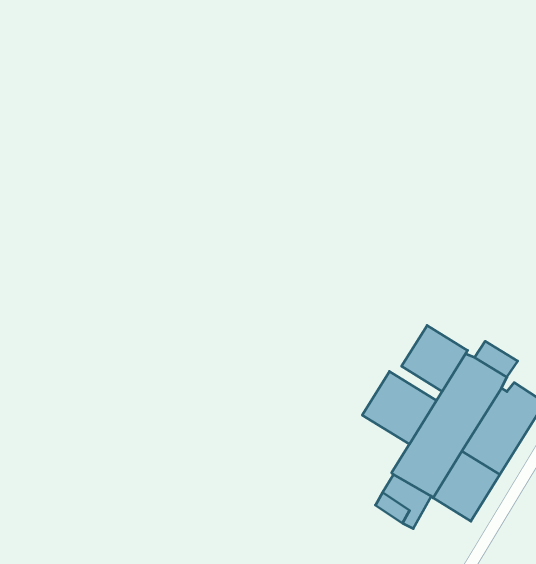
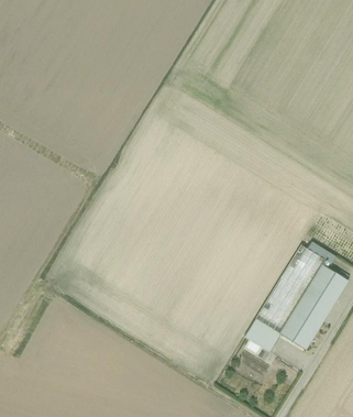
building: [402,325,468,391] -> none
building: [362,371,436,444] -> none

